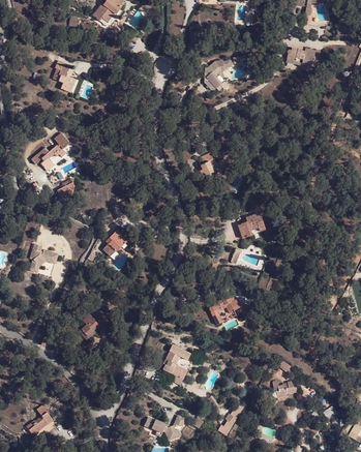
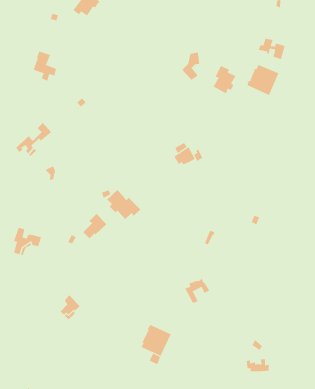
building: none -> [247,64,279,96]
building: none -> [213,65,236,94]
building: none -> [106,189,141,220]
building: [239,211,266,236] -> none

